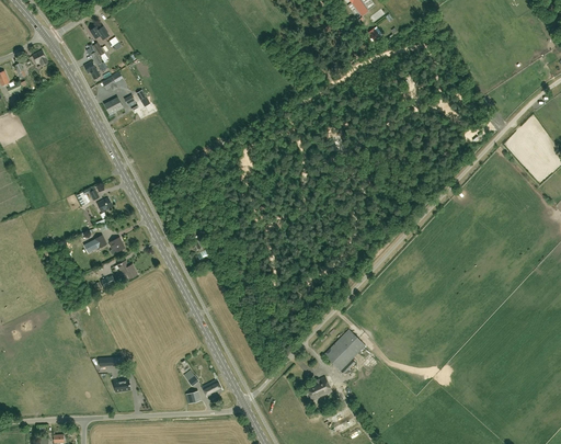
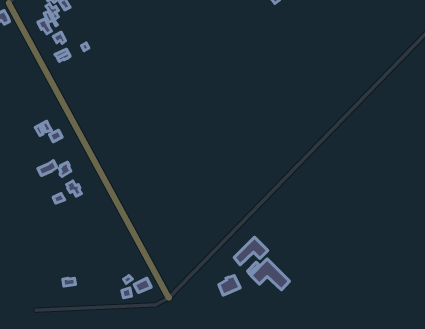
building: none -> [251,259,289,290]

